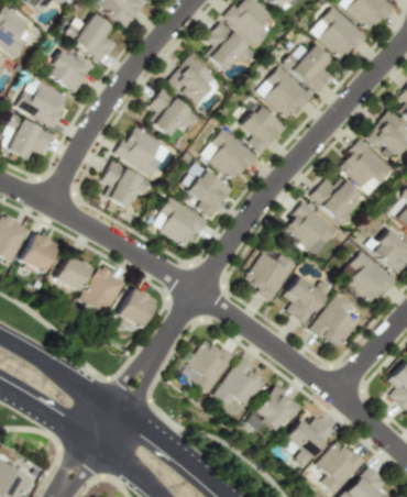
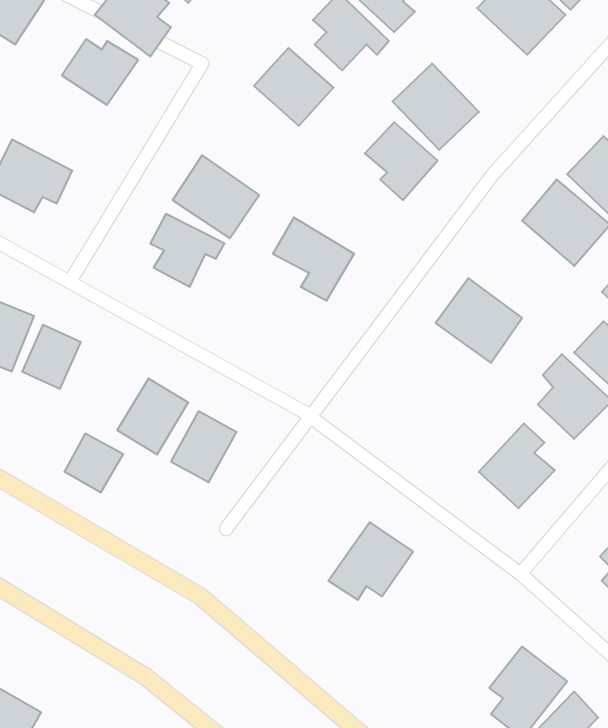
building: [283,44,331,93] -> none
building: [16,78,69,125] -> none
building: [149,88,196,136] -> none
building: [200,129,255,180] -> none
building: [310,177,360,225] -> none
building: [152,197,206,248] -> none
building: [244,253,296,299] -> none
building: [54,254,91,291] -> [64,434,123,492]
building: [283,275,331,324] -> none
building: [182,338,234,393] -> none
building: [246,384,301,435] -> none
building: [282,416,333,463] -> none

